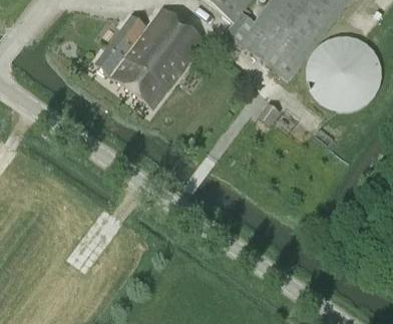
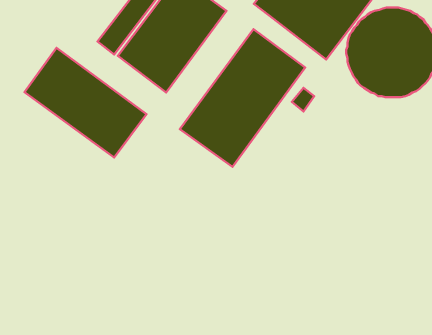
building: none -> [180,29,305,167]
building: none -> [24,48,147,157]

